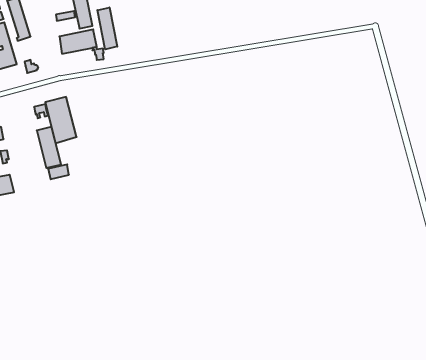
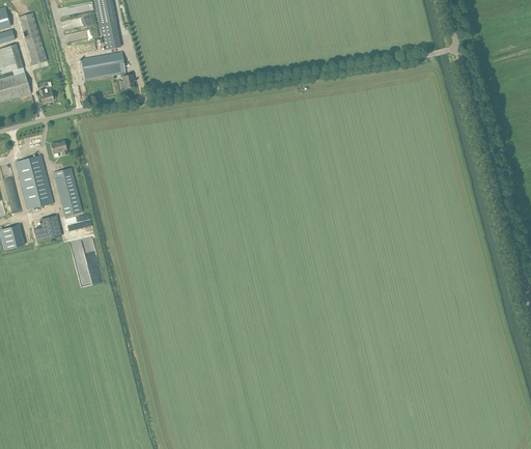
building: [97,7,117,49] -> none
building: [45,97,77,143] -> [16,155,53,209]
building: none -> [33,214,61,241]
building: none -> [72,244,104,286]

